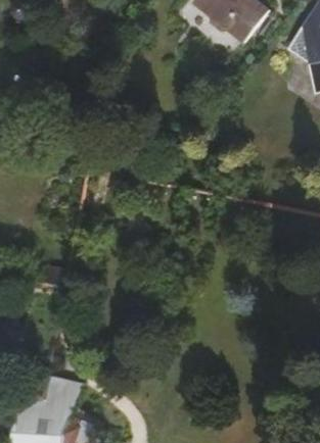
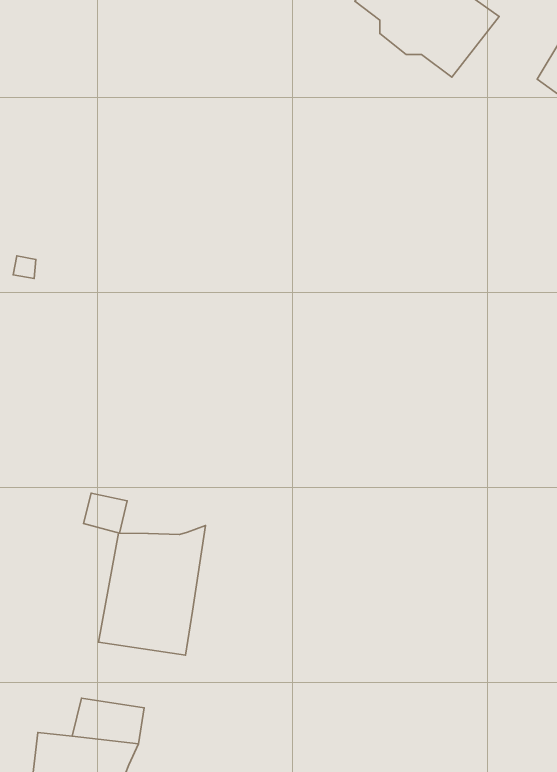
building: none -> [99,526,206,655]

